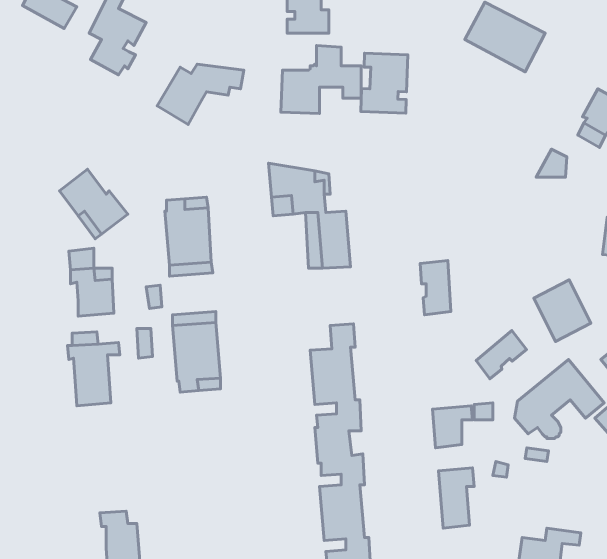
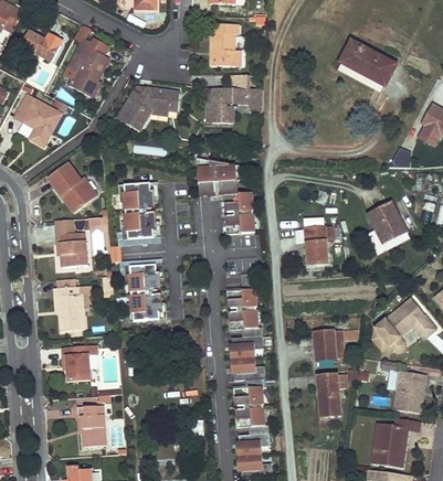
building: [361,53,408,113] -> none
building: none -> [15,95,62,146]
building: [534,280,591,342] -> [367,201,408,245]
building: [476,330,526,379] -> none
building: none -> [61,345,97,383]
building: none -> [394,371,426,414]

